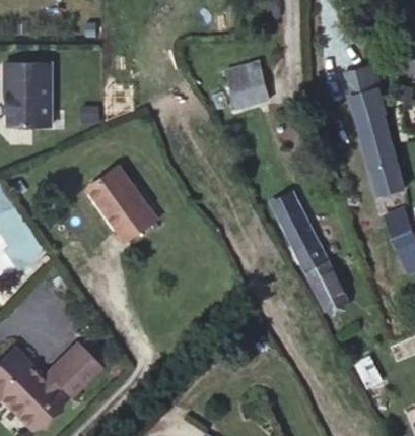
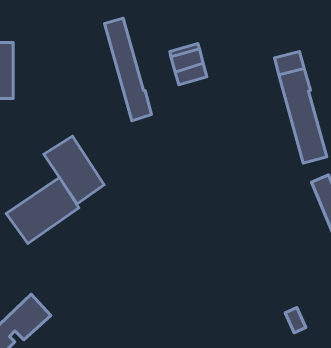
building: none -> [104,18,152,121]
building: [273,195,348,311] -> none
building: none -> [6,178,79,244]

